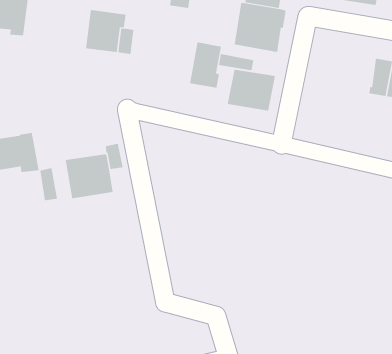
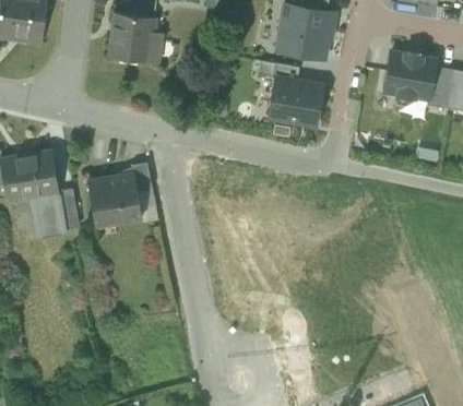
building: [189,42,221,89] -> none
building: none -> [382,53,435,98]
building: none -> [26,192,64,237]

